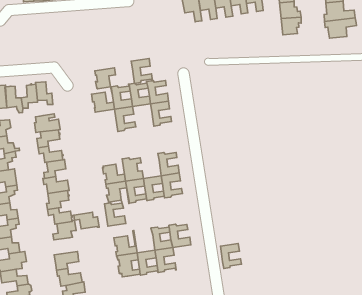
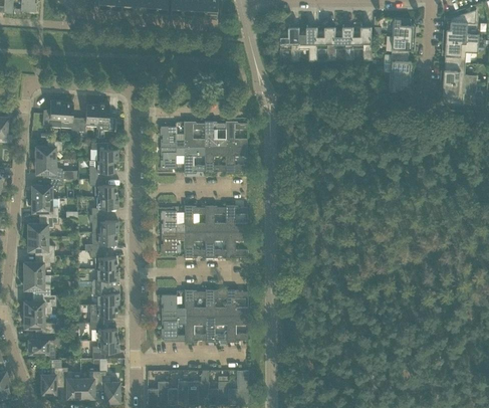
building: [131,58,152,83] -> [205,147,226,173]
building: [95,68,116,89] -> [160,147,184,168]
building: none -> [205,205,226,231]
building: [105,201,126,226] -> [185,289,206,316]
building: [74,212,99,229] -> [91,286,118,304]
building: [220,244,241,269] -> [227,316,248,342]

